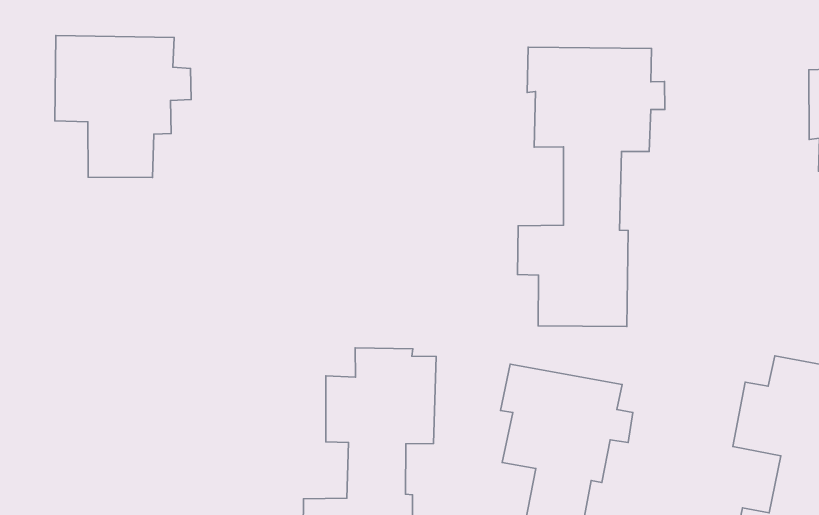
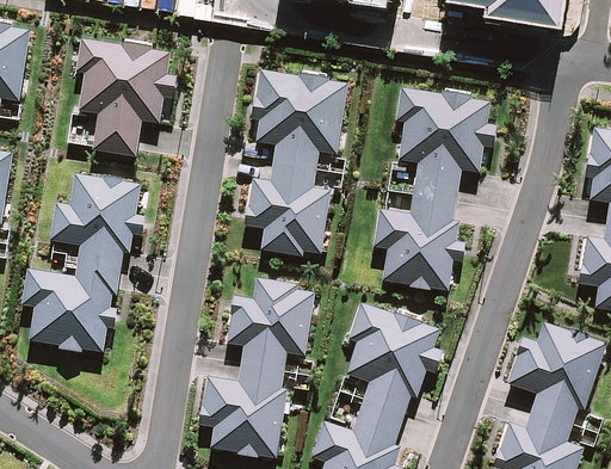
building: none -> [247,72,345,257]
building: none -> [23,173,138,351]

